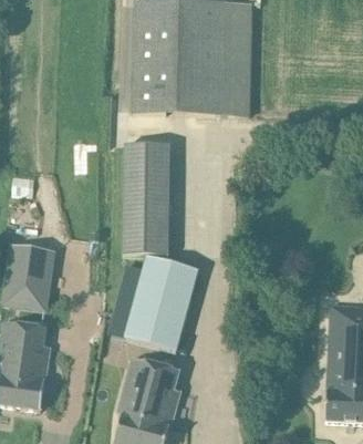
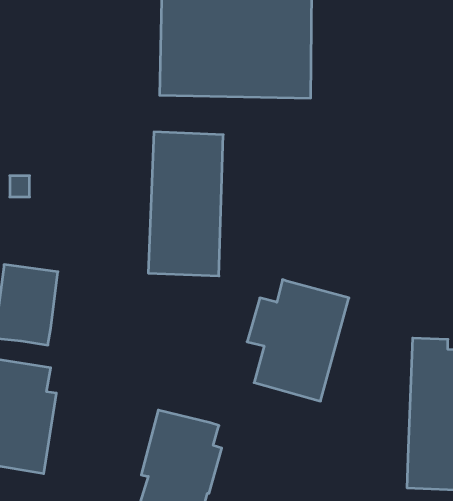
building: [117,256,197,351] -> [247,280,349,401]

